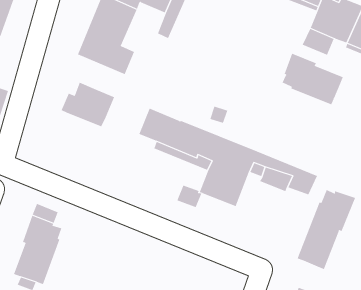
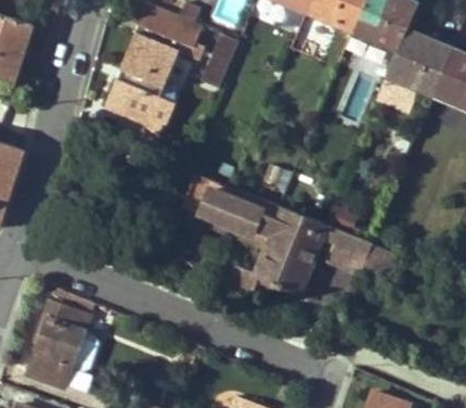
building: [282,53,344,105] -> none
building: [61,82,115,127] -> none
building: [297,189,356,270] -> none

